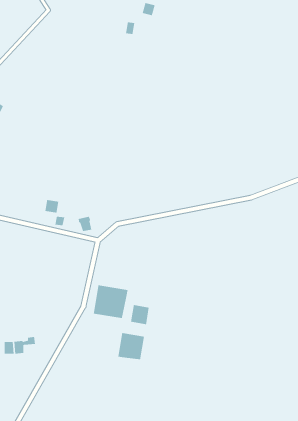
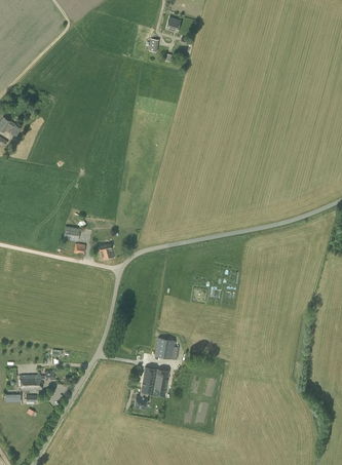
building: [93,284,128,319] -> none

